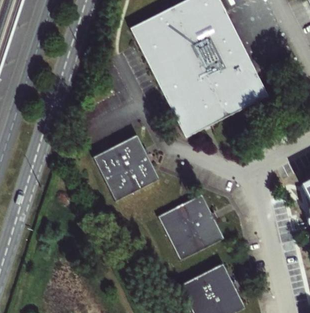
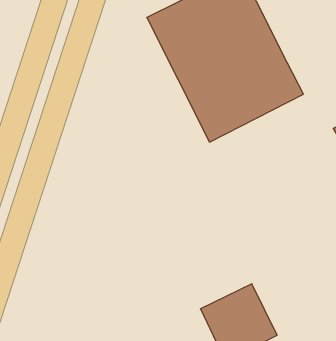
building: [92,134,159,201] -> none
building: [158,192,225,259] -> none

